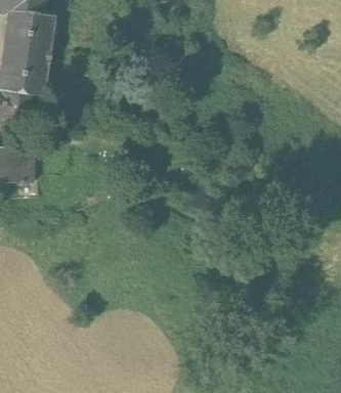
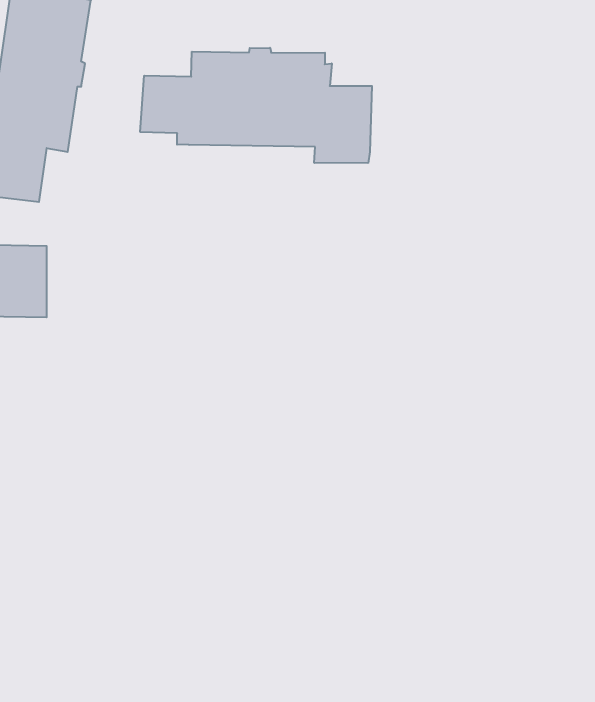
building: none -> [140,48,372,163]

